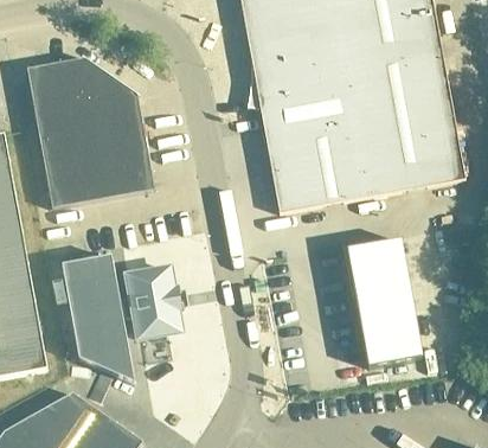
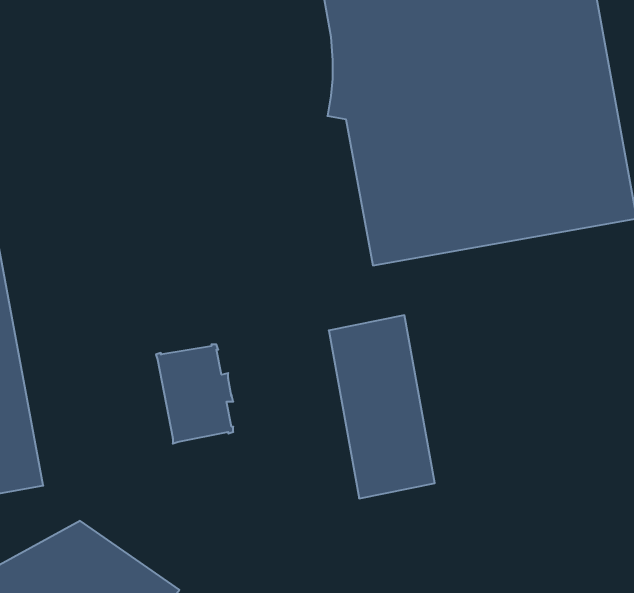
building: [26,55,154,207] -> none
building: [347,236,422,365] -> [329,315,435,498]
building: [60,255,134,383] -> none

